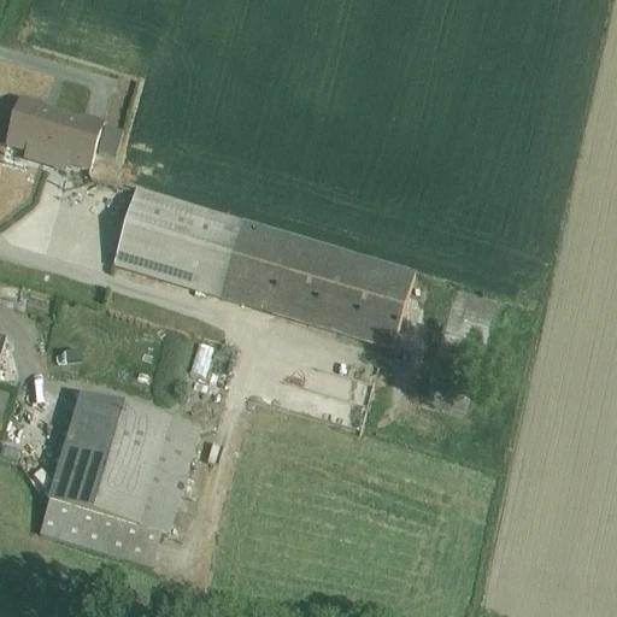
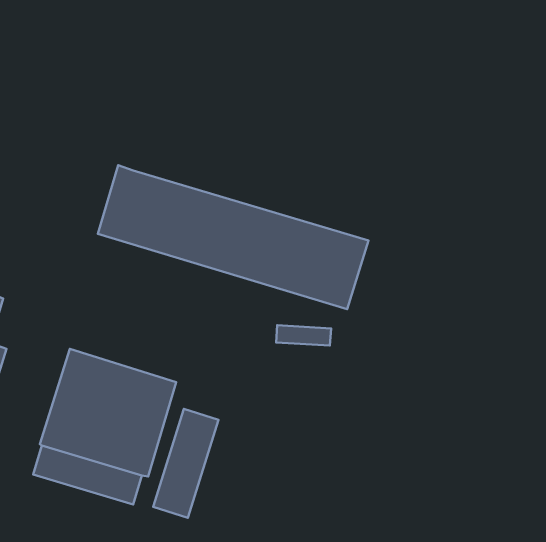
building: [5,100,121,170] -> none
building: none -> [153,409,218,518]

